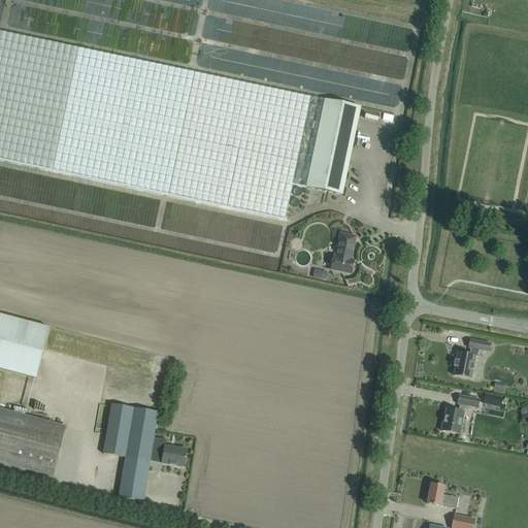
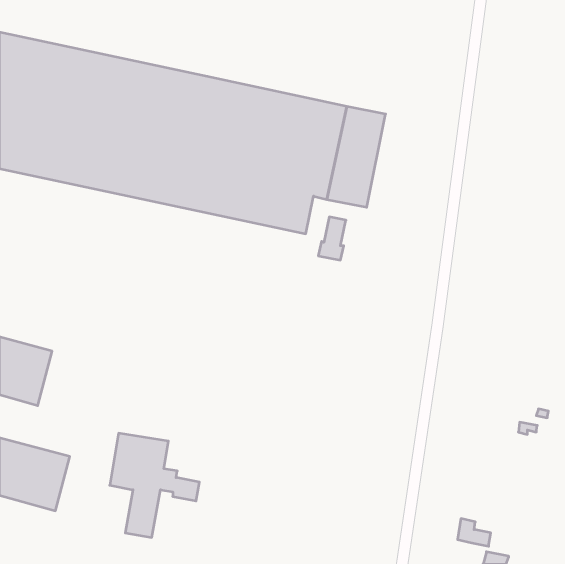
building: [329,232,355,272] -> [318,217,346,260]
building: [452,338,489,377] -> none
building: [439,394,477,433] -> none

